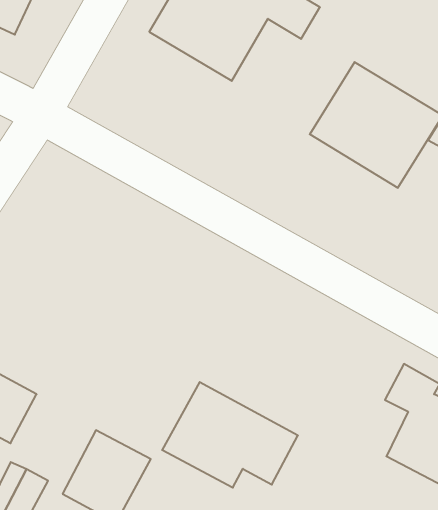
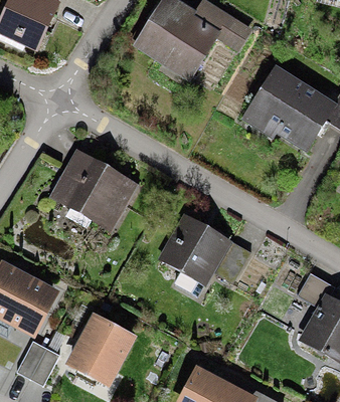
building: none -> [53,148,142,229]
building: [162,382,298,488] -> [164,214,259,287]

